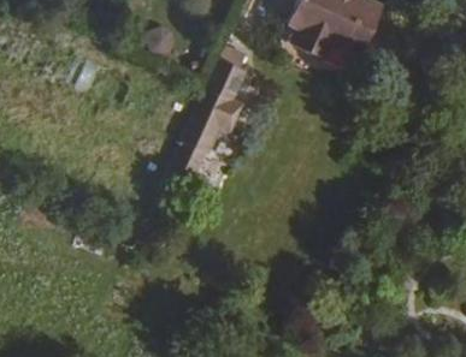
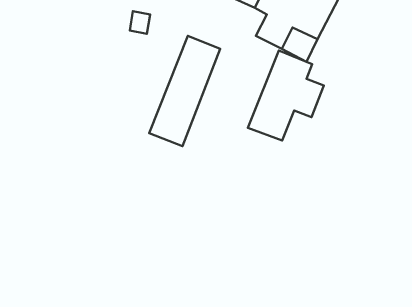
building: none -> [248,51,324,140]

